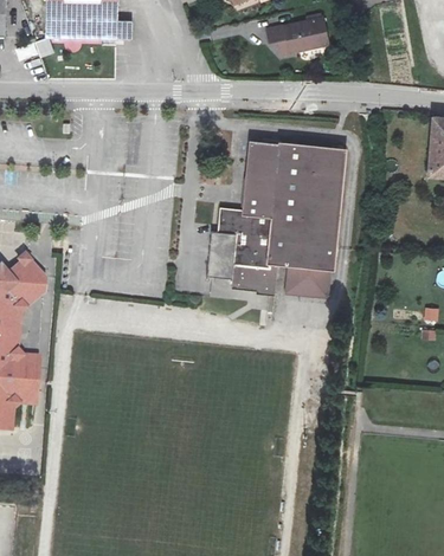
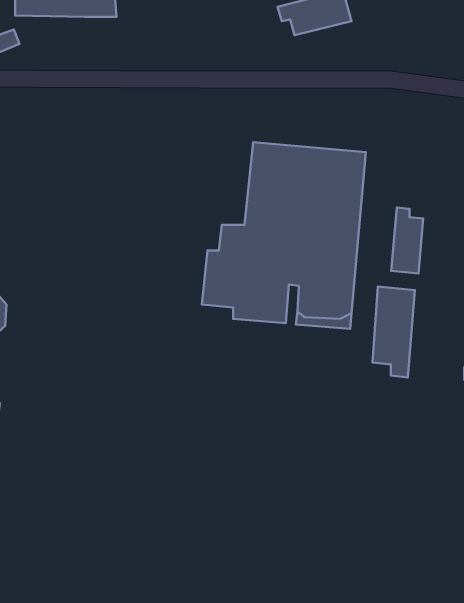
building: none -> [391,207,423,274]
building: none -> [373,287,415,378]

